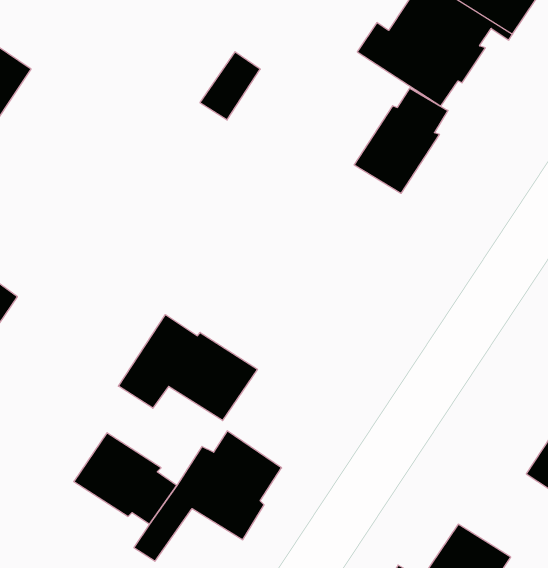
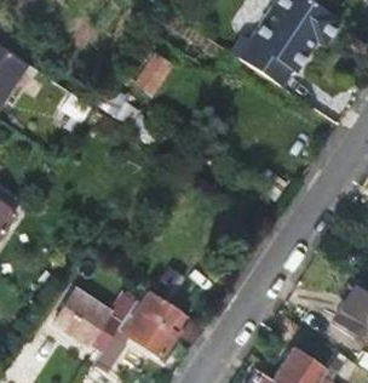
building: [354,88,448,193] -> none
building: [118,315,257,421] -> none

